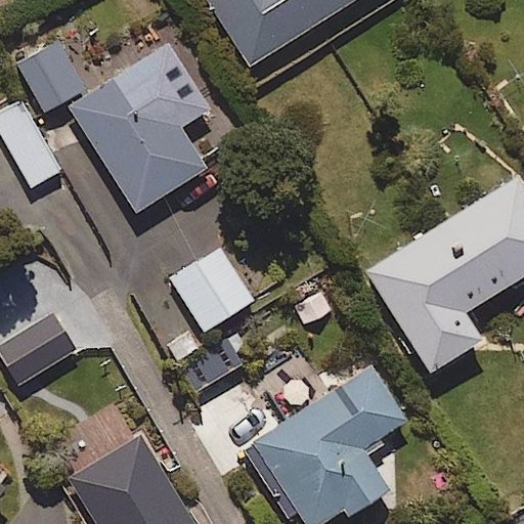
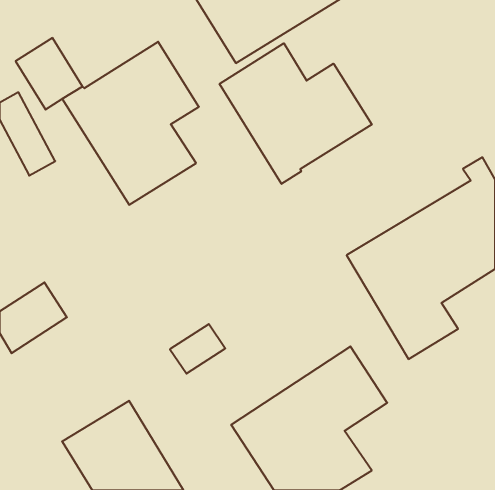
building: none -> [220,43,372,184]
building: [168,245,254,334] -> none

